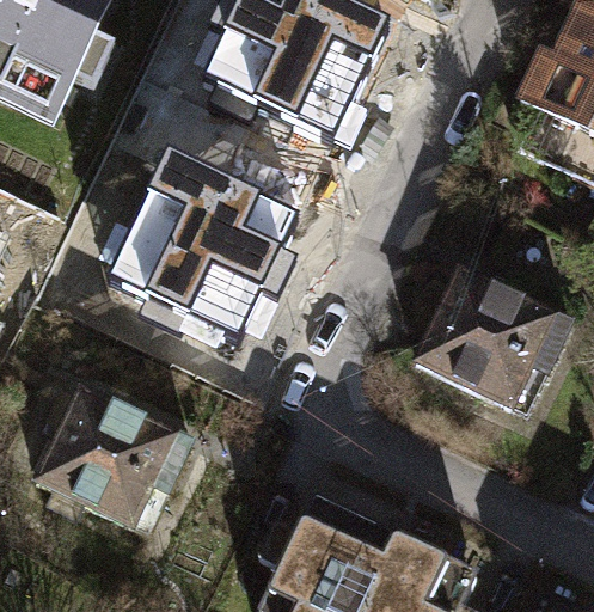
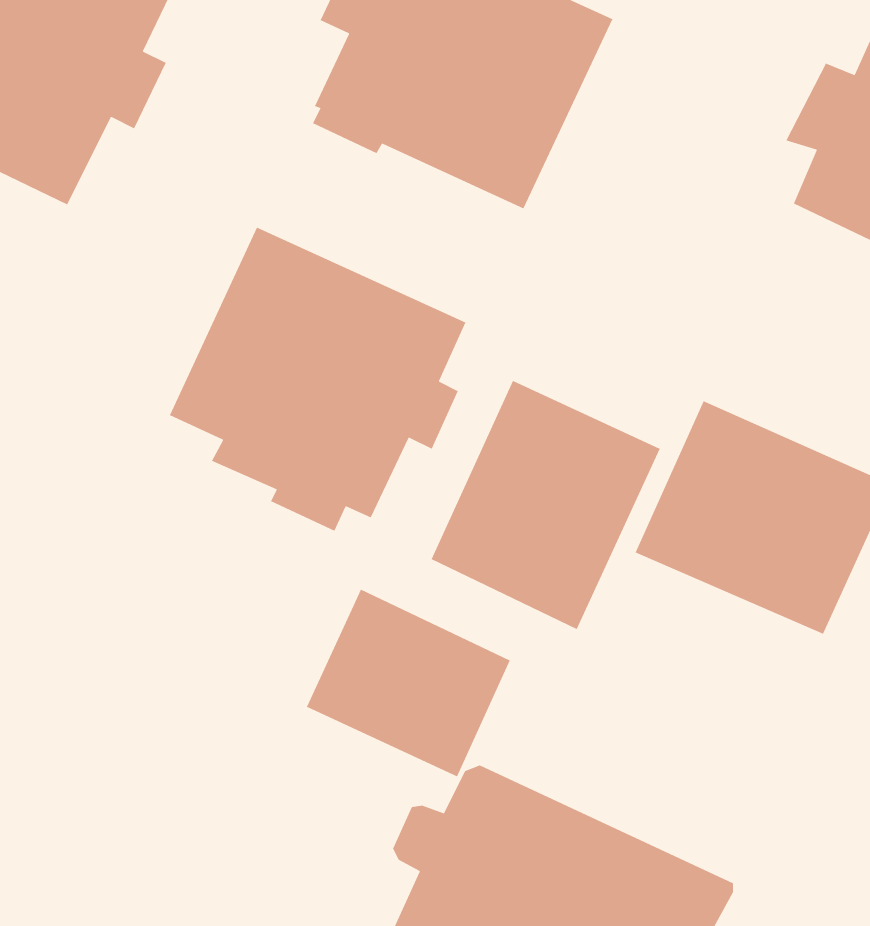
building: none -> [430,380,661,630]
building: none -> [306,589,511,778]
building: [36,387,184,531] -> none

